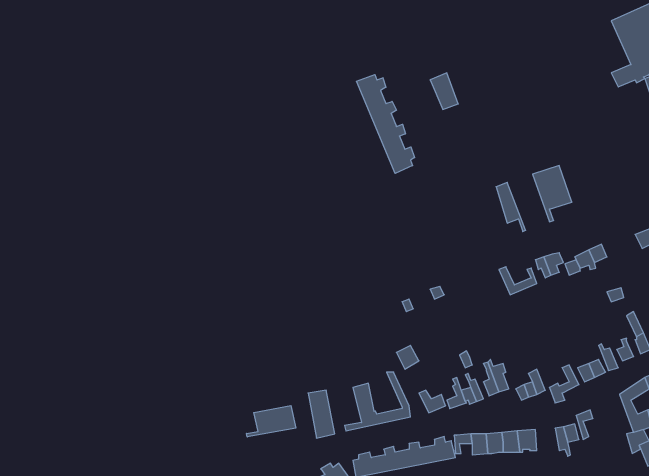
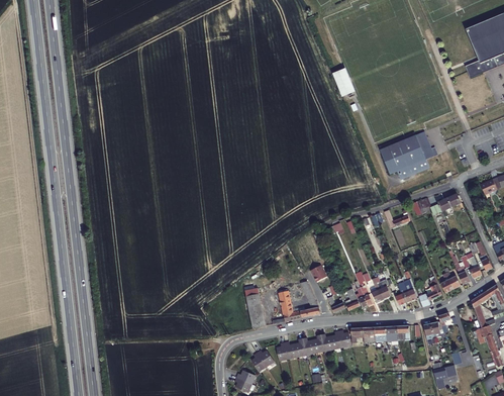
building: [357,75,415,173] -> none
building: none -> [389,141,419,182]
building: [247,406,296,437] -> none

